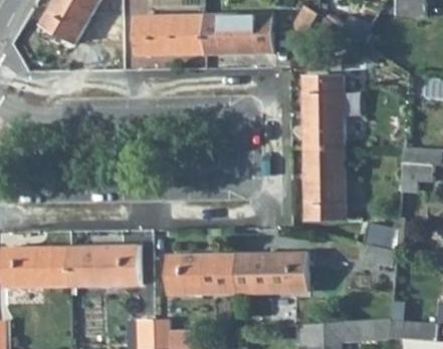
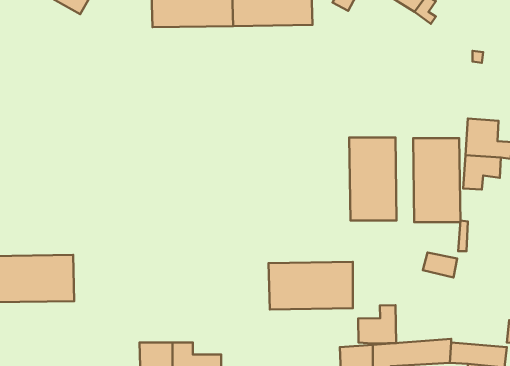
building: [302,76,343,147] -> [413,138,460,222]
building: [69,246,140,286] -> none
building: [166,254,236,294] -> none
building: none -> [358,305,396,343]

